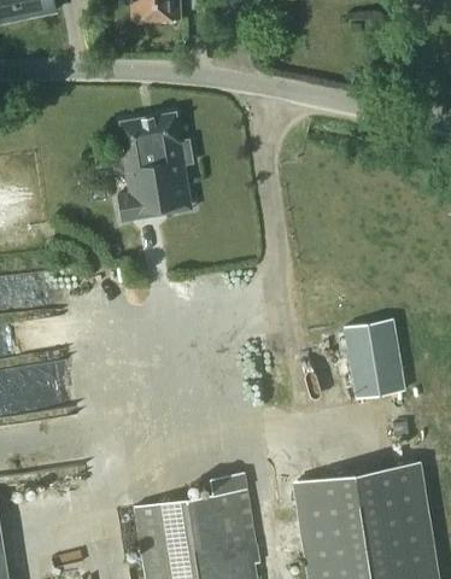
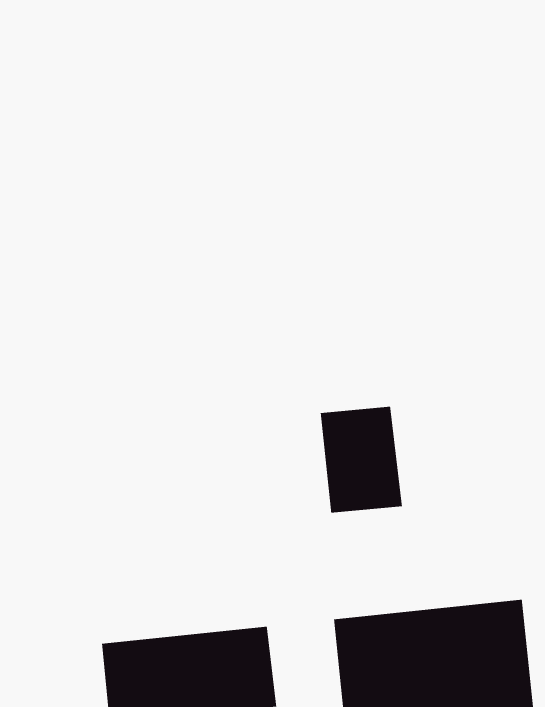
building: [117,113,192,222] -> none
building: [346,321,406,397] -> [320,406,403,513]

